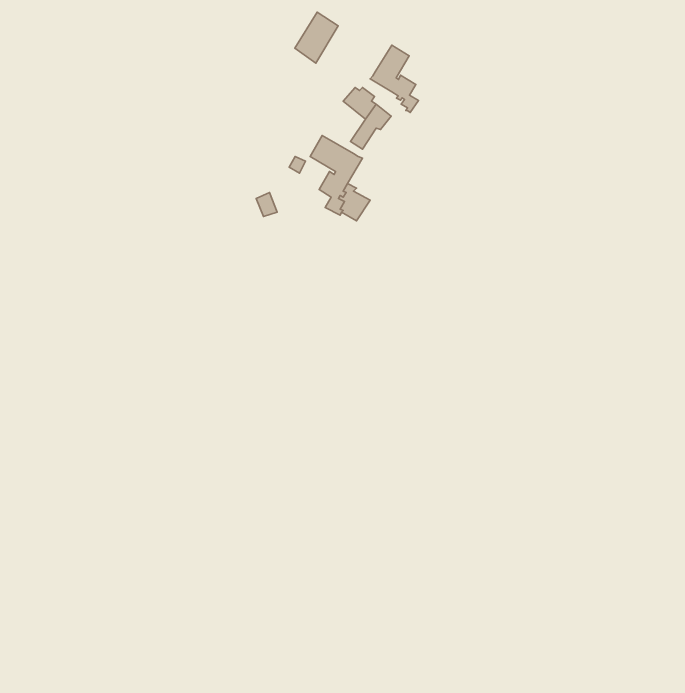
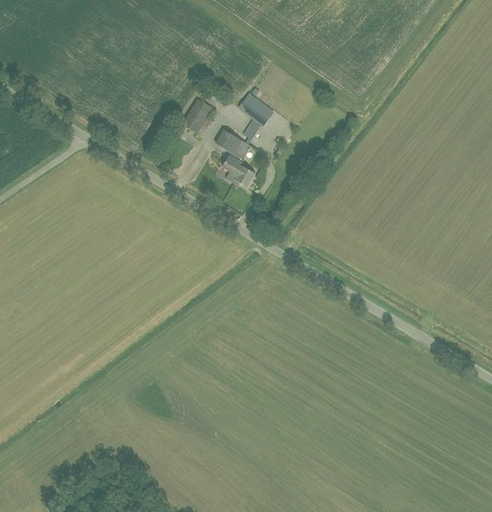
building: [295,12,338,63] -> [183,98,212,132]
building: [370,45,418,113] -> none

